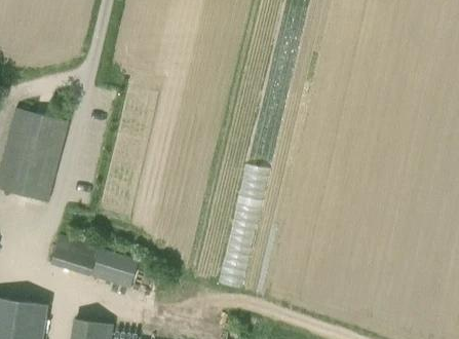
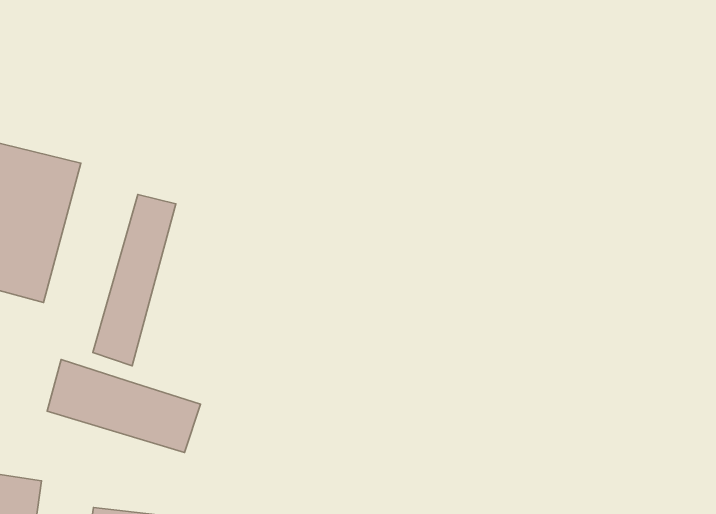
building: none -> [93,194,176,366]

